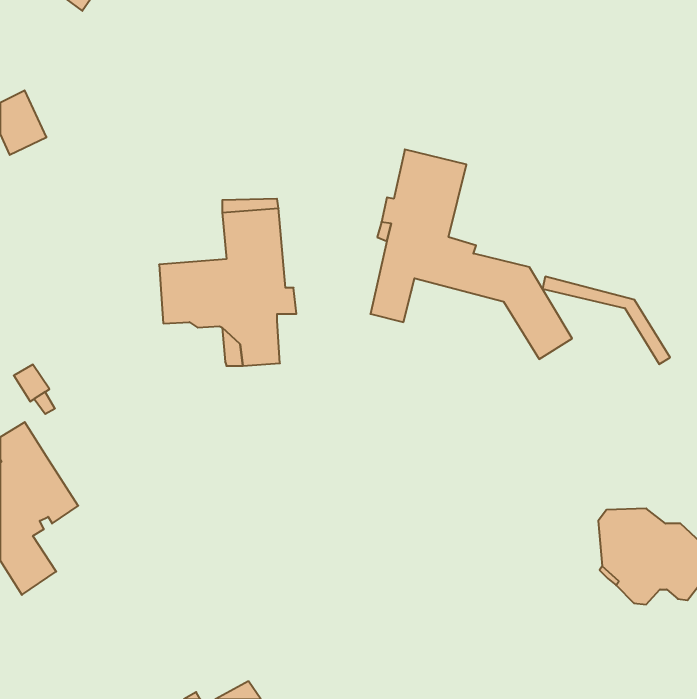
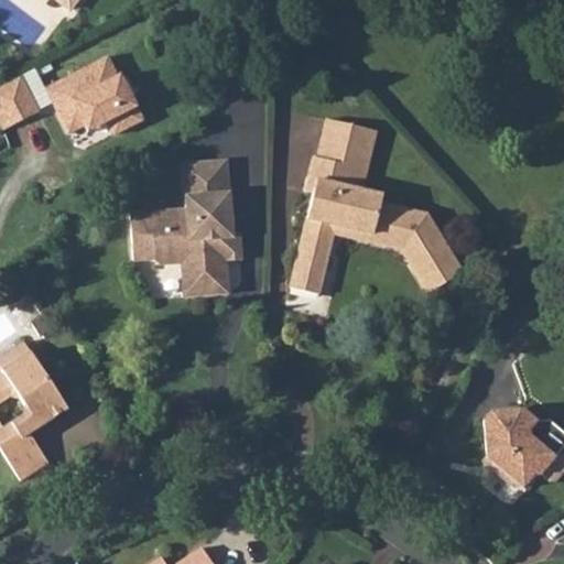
building: none -> [50,54,148,132]
building: [543,277,670,364] -> [334,224,436,294]
building: none -> [292,252,327,295]

